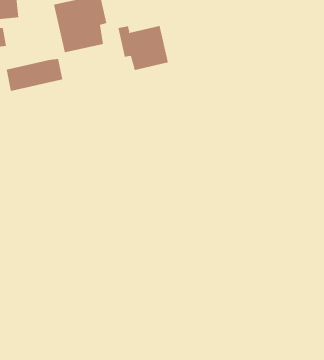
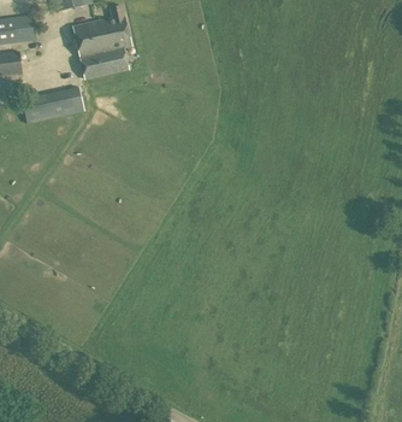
building: [118,25,168,71] -> none

